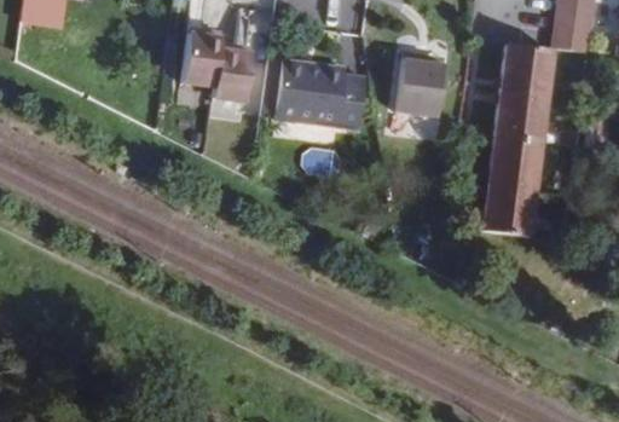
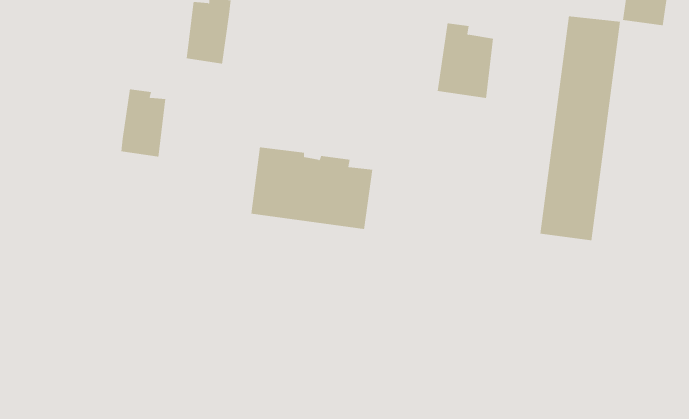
building: [213,44,251,102] -> [120,89,166,157]
building: [261,57,365,127] -> [251,147,373,229]

